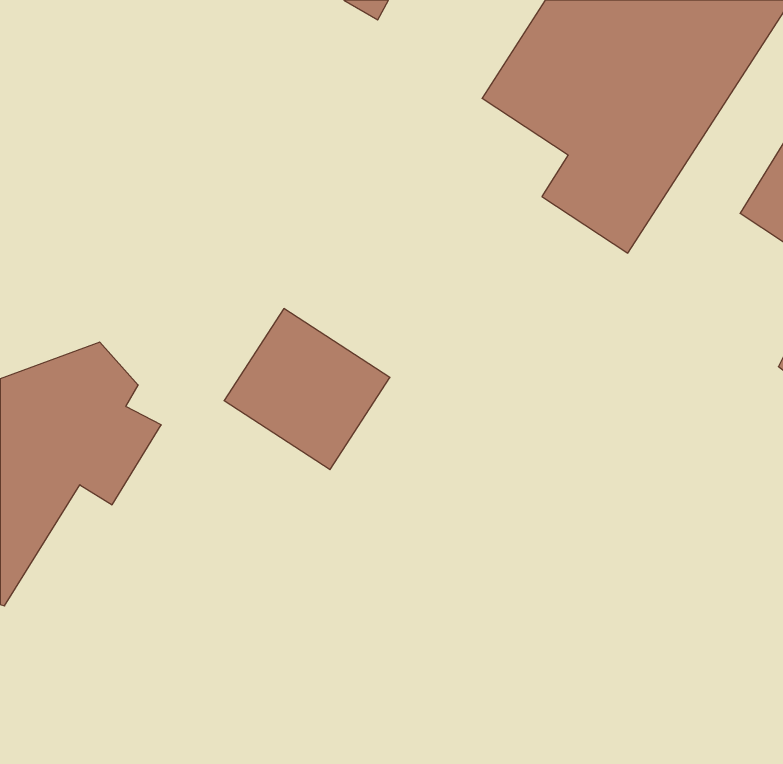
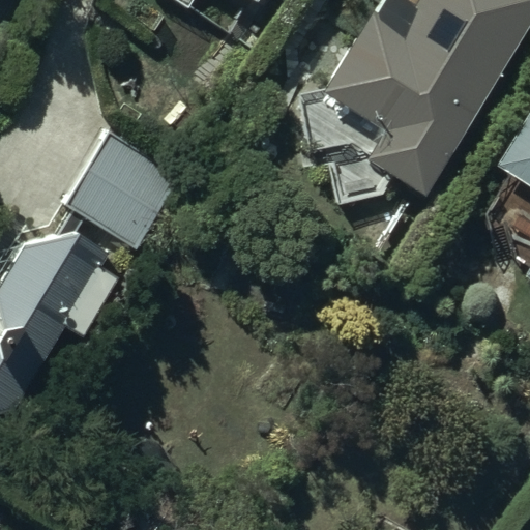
building: [224,309,390,470] -> [67,138,179,246]

